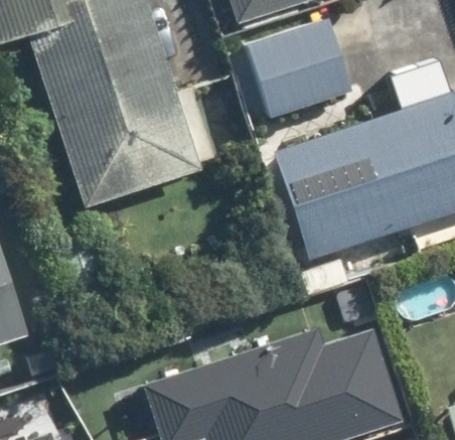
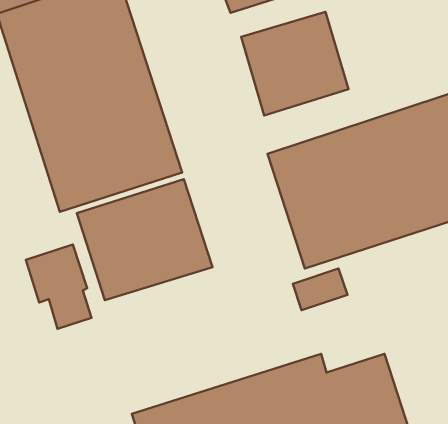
building: none -> [77,179,212,300]

